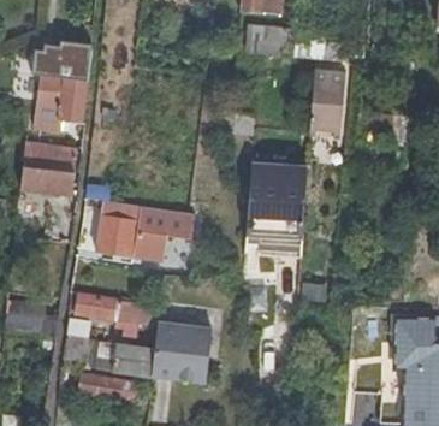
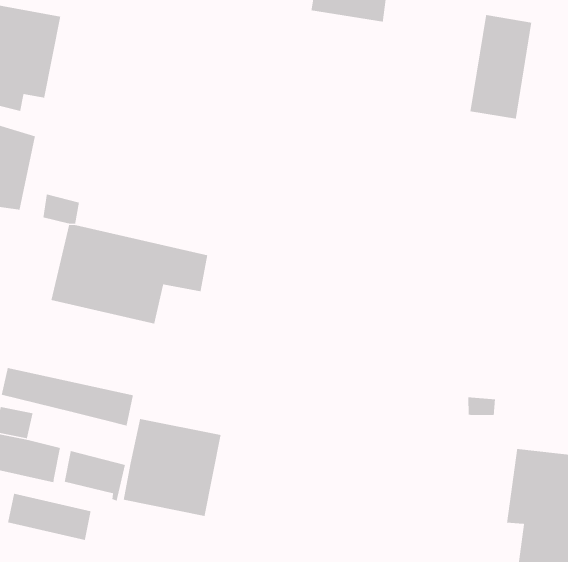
building: [309,72,344,137] -> [470,14,532,119]
building: [244,153,308,248] -> none

